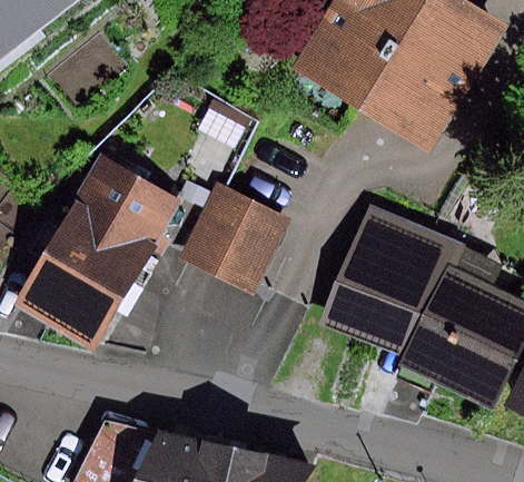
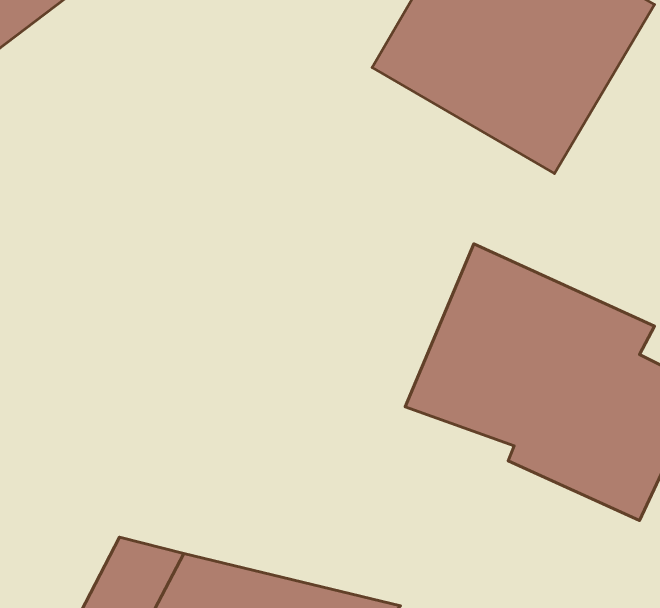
building: [20,157,180,347] -> none
building: [187,185,289,287] -> none

